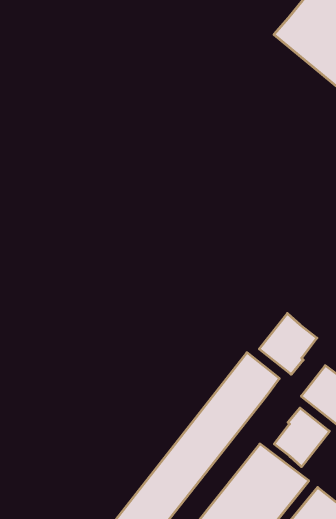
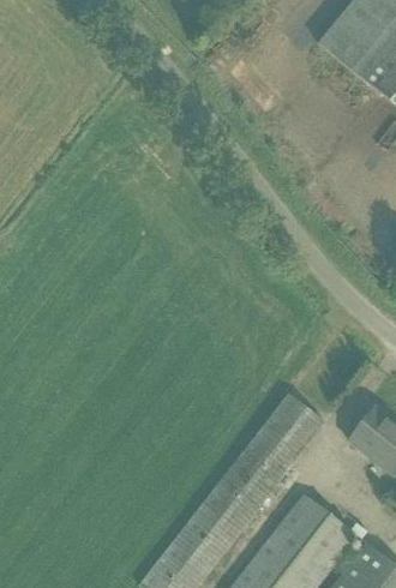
building: [259,313,317,374] -> none
building: [274,408,329,467] -> none

